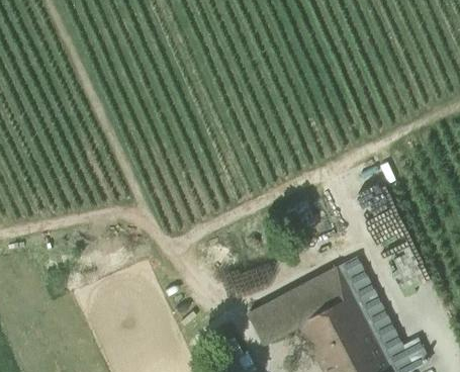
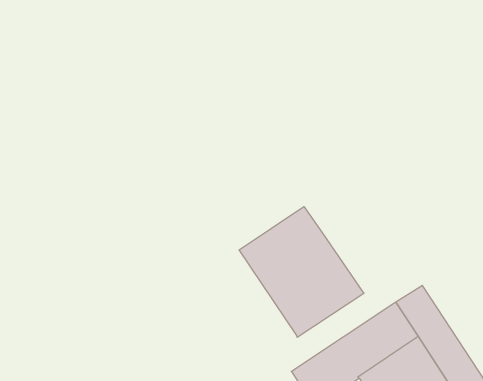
building: none -> [239,207,364,337]

